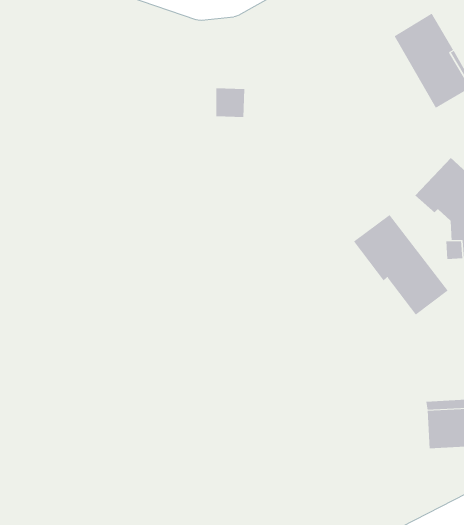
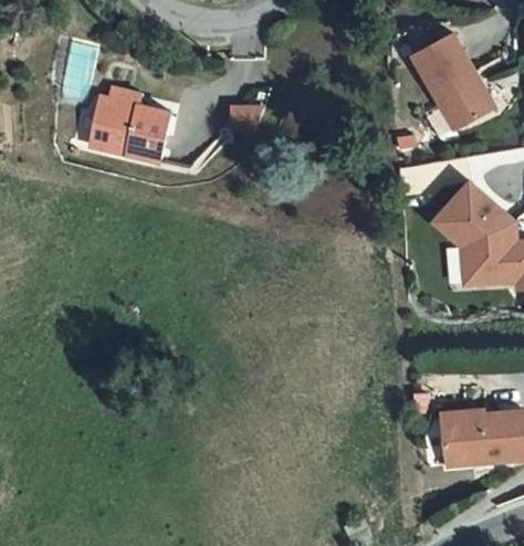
building: none -> [90,96,169,161]
building: [353,214,449,316] -> none

